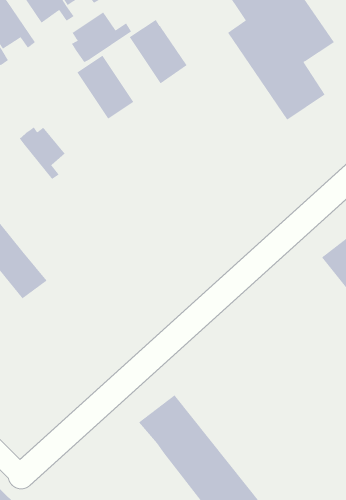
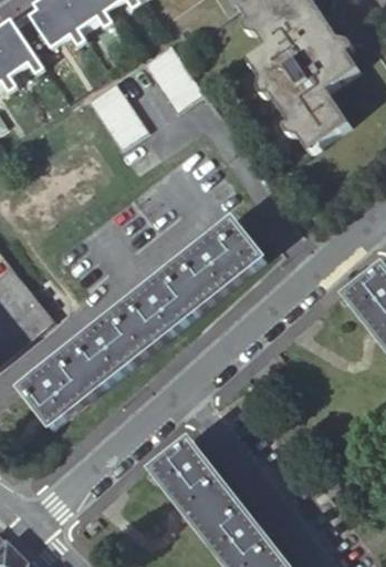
building: [71,11,132,63] -> none
building: [19,126,66,180] -> none
building: none -> [19,218,262,425]

